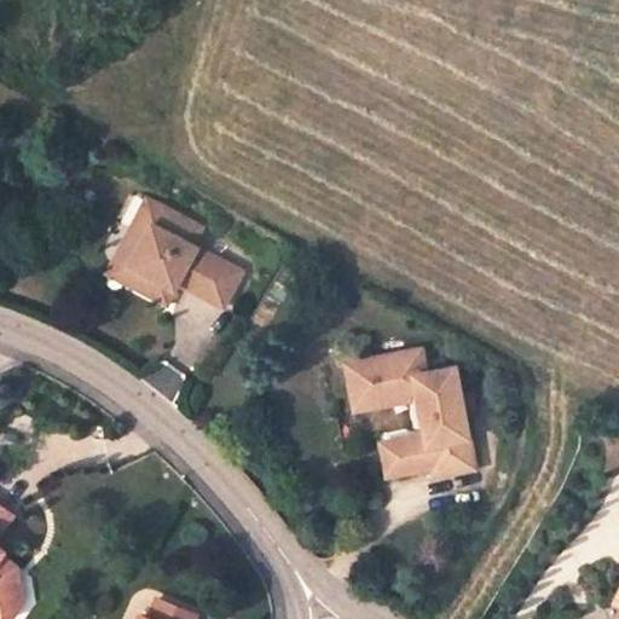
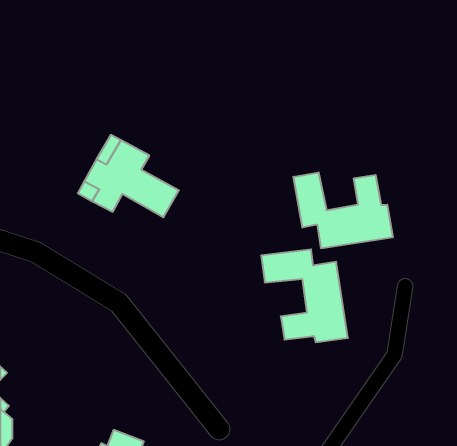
building: none -> [293,172,393,248]

